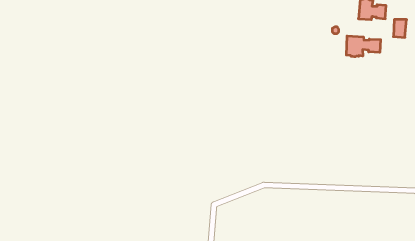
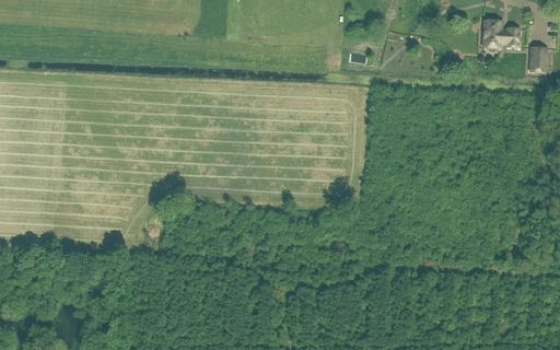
building: [346,36,381,57] -> none

